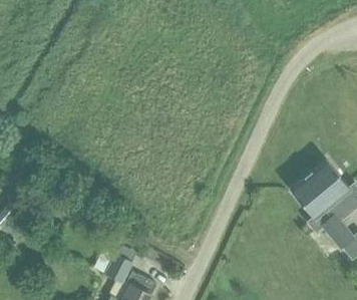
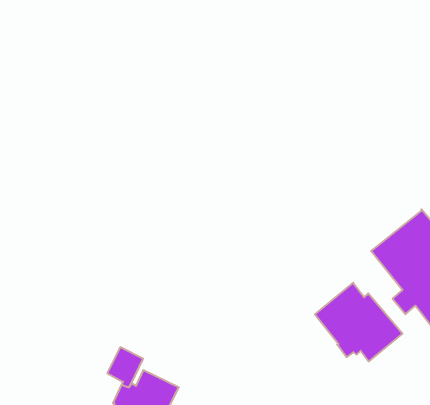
building: none -> [315,283,403,361]

